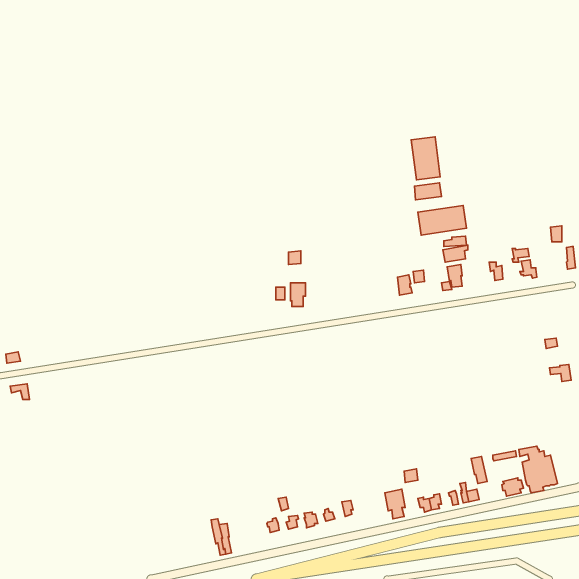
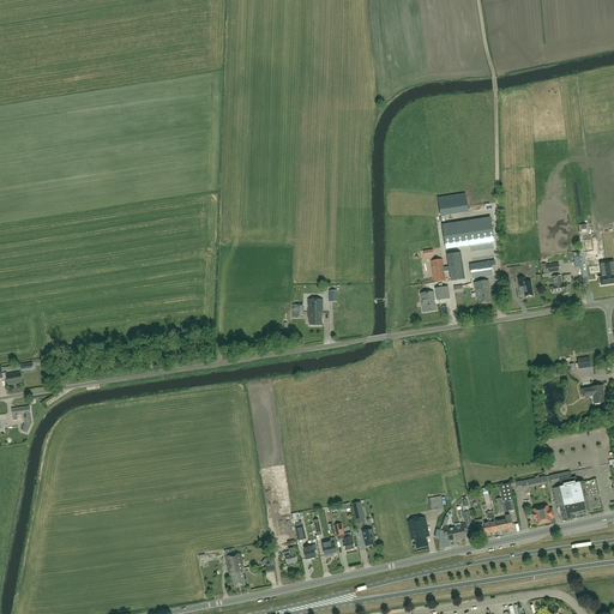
building: [411,137,440,180] -> none
building: none -> [431,252,463,282]

